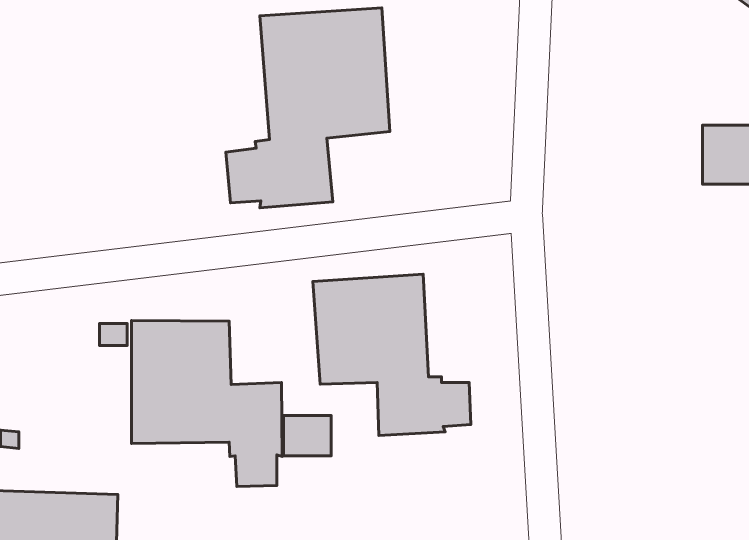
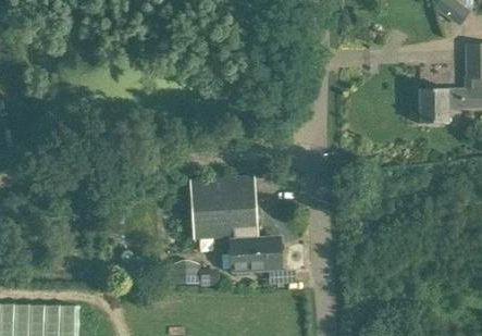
building: [226,8,390,208] -> none
building: [132,320,282,487] -> none

